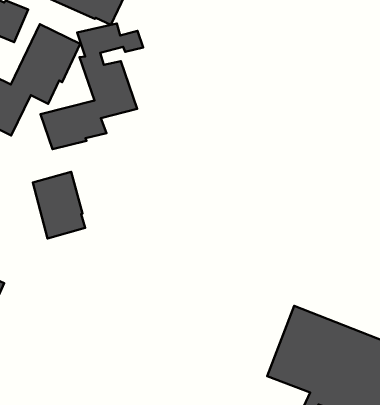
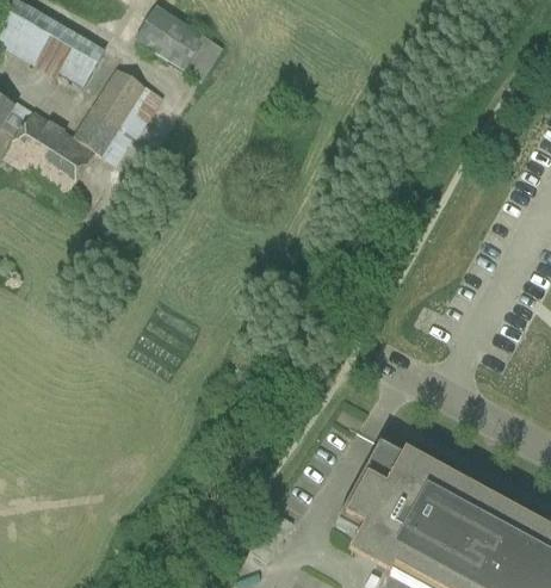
building: [40,24,143,149] -> none
building: [33,172,85,239] -> none

